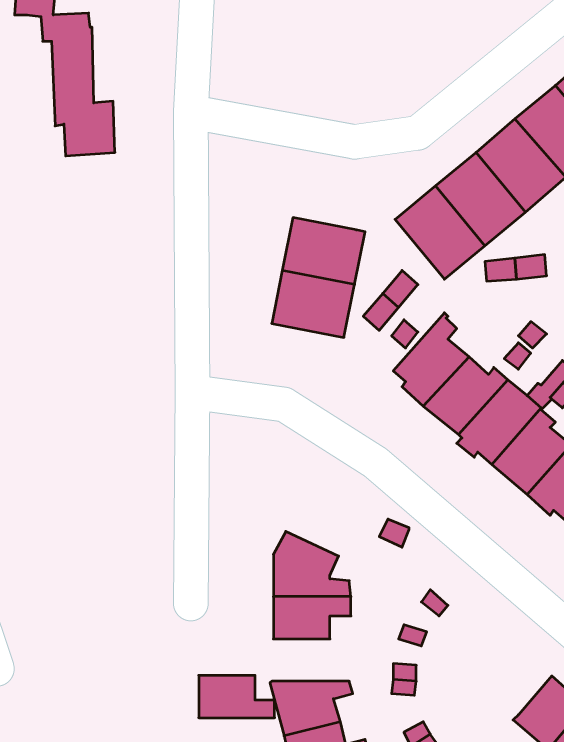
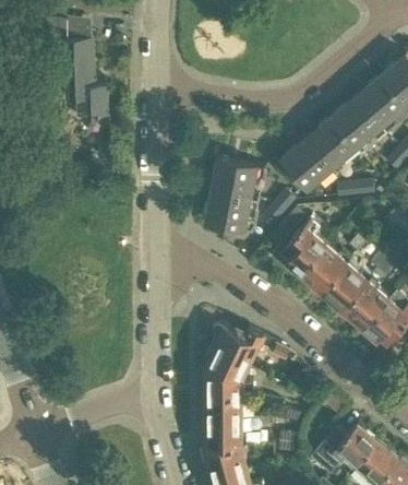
building: none -> [212,323,263,366]
building: none -> [311,422,377,468]
building: [199,675,275,718] -> [205,417,252,443]

